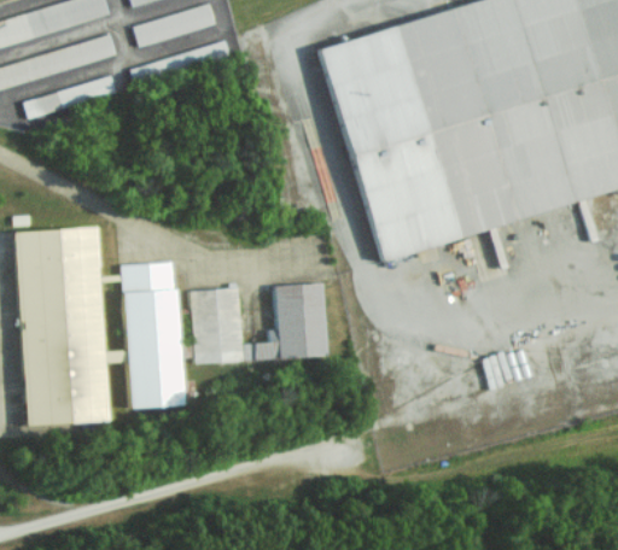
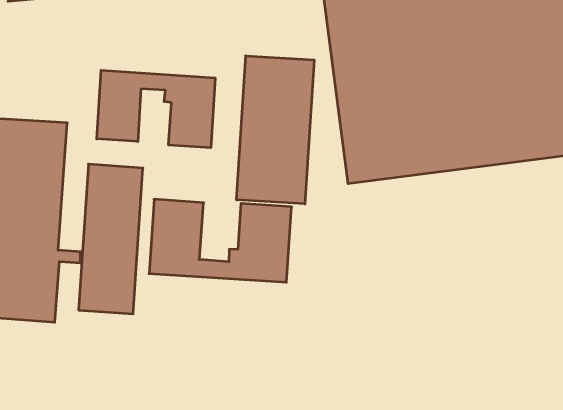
building: none -> [237,56,314,204]
building: none -> [97,70,215,148]

